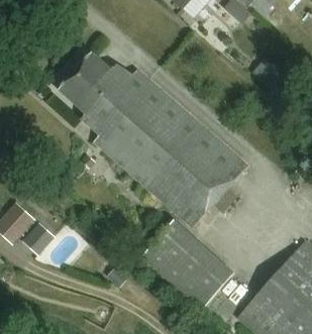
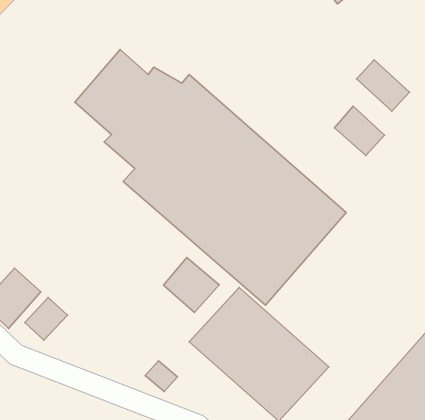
building: none -> [335,106,384,156]
building: none -> [164,257,219,313]

